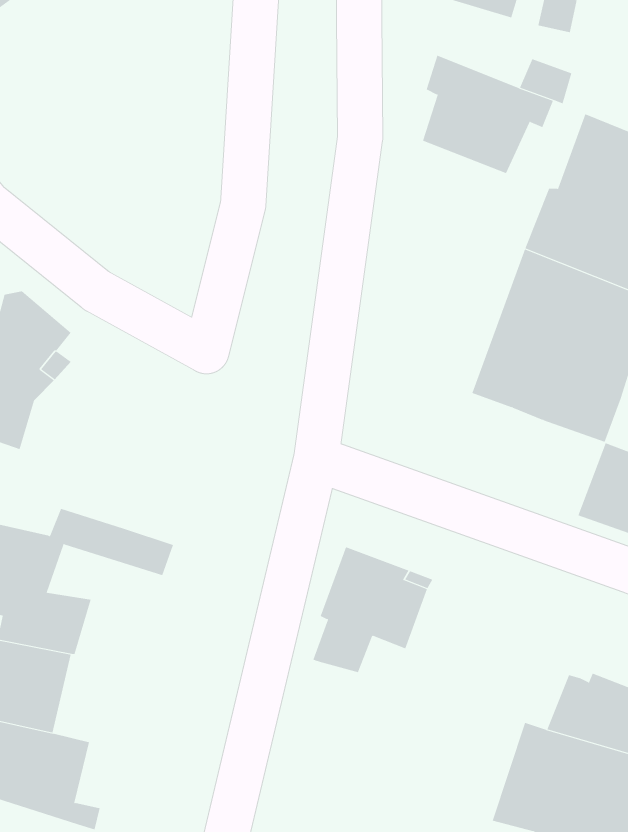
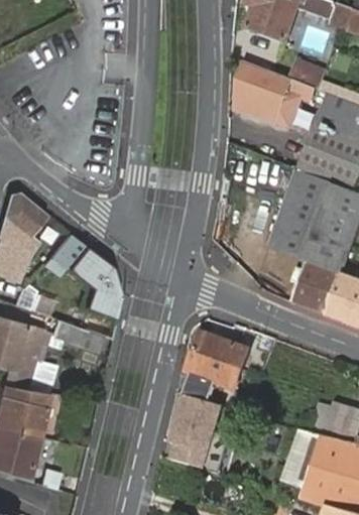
building: none -> [51,231,124,317]
building: none -> [292,263,342,315]
building: none -> [168,396,227,475]

